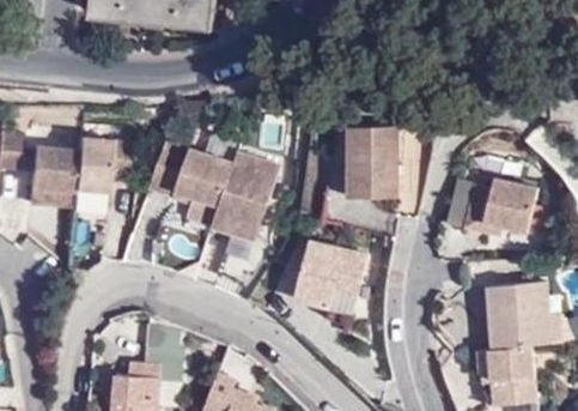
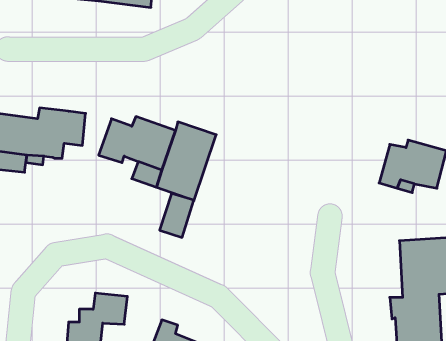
building: [346,127,396,199] -> none
building: [294,243,367,310] -> none

